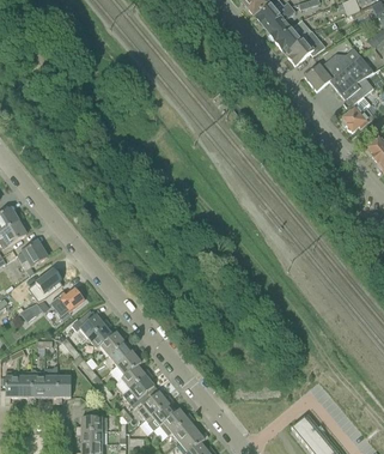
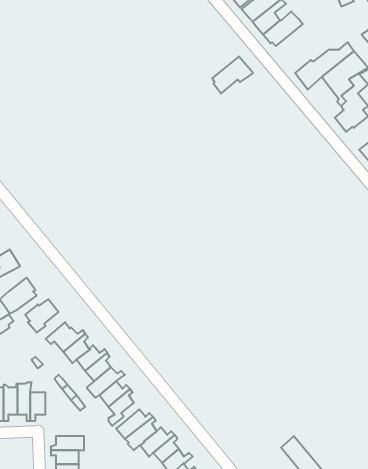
building: [286,30,324,65] -> [212,56,253,94]

